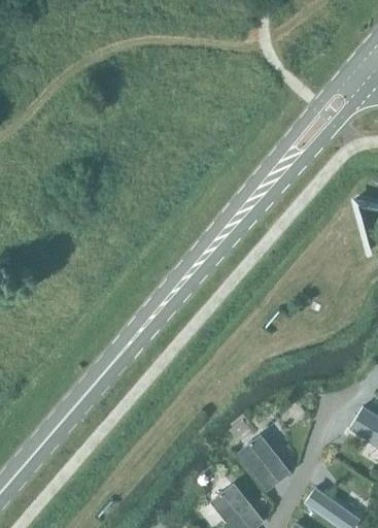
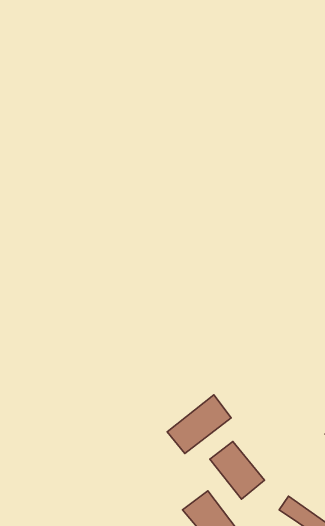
building: none -> [167,395,231,453]

